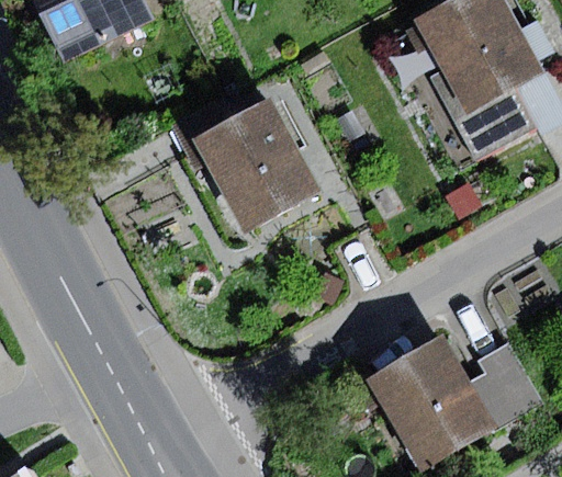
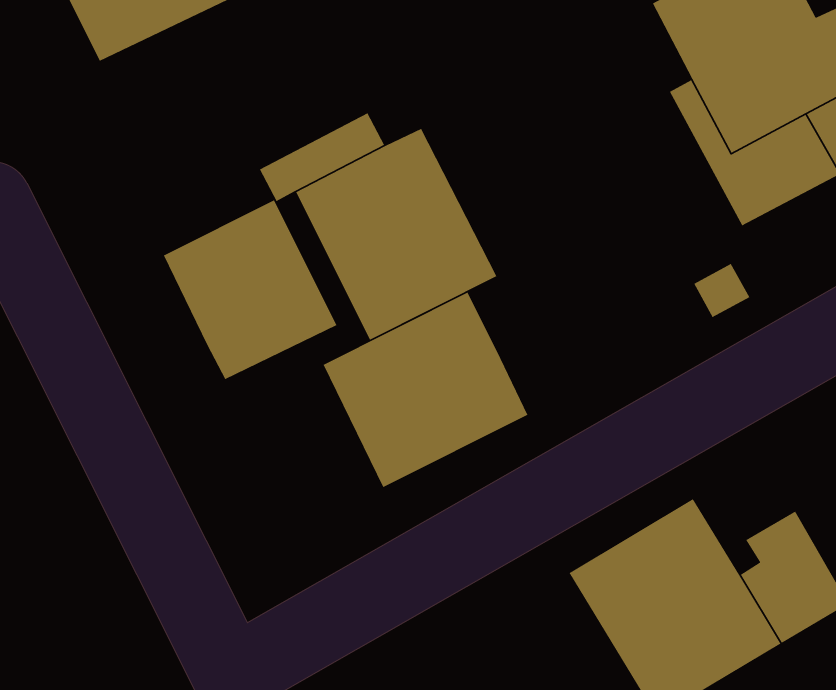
building: none -> [163,199,338,380]
building: none -> [322,291,529,488]

